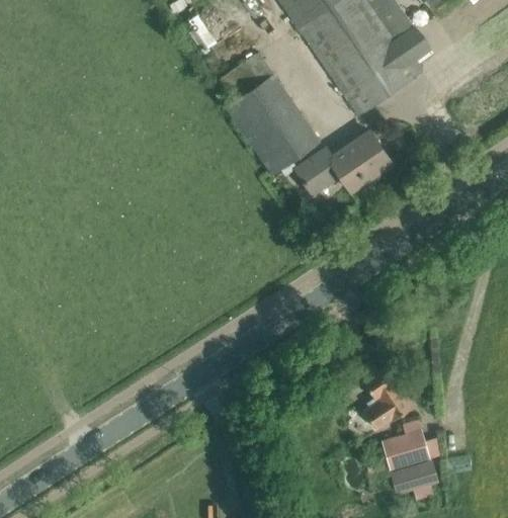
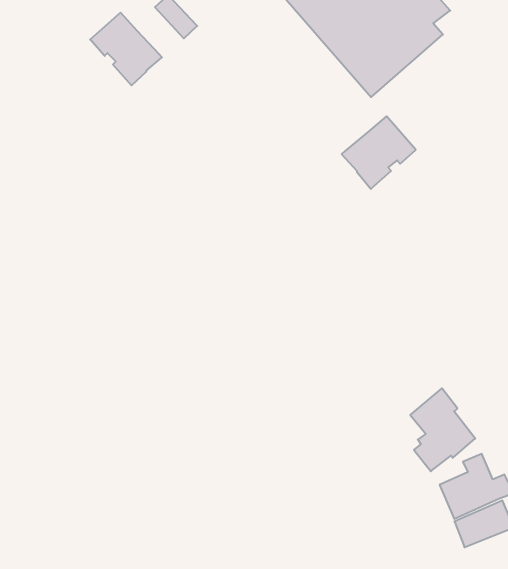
building: none -> [90,13,162,85]
building: [219,52,320,174] -> none
building: [294,148,340,194] -> none

